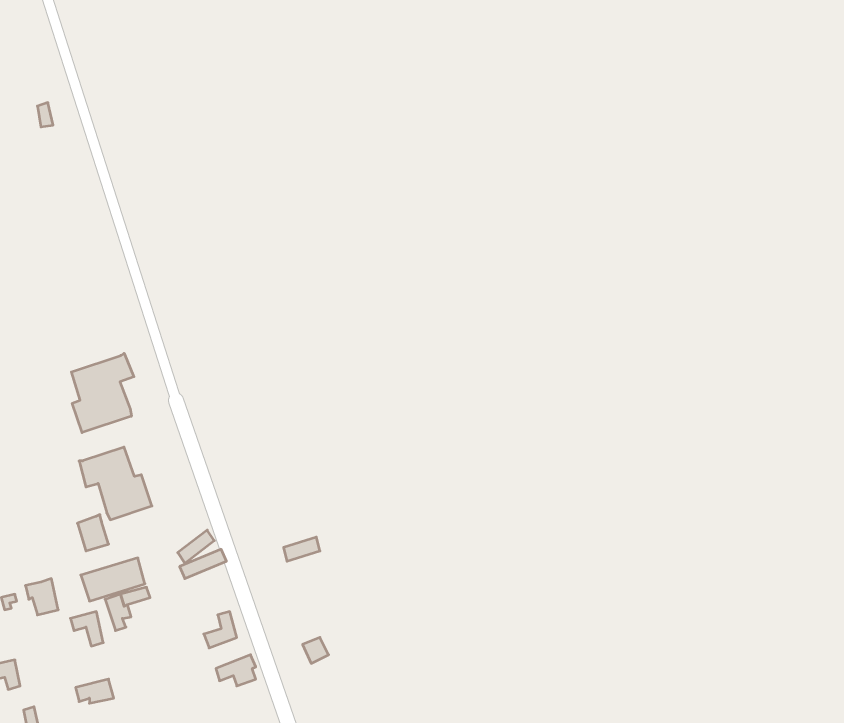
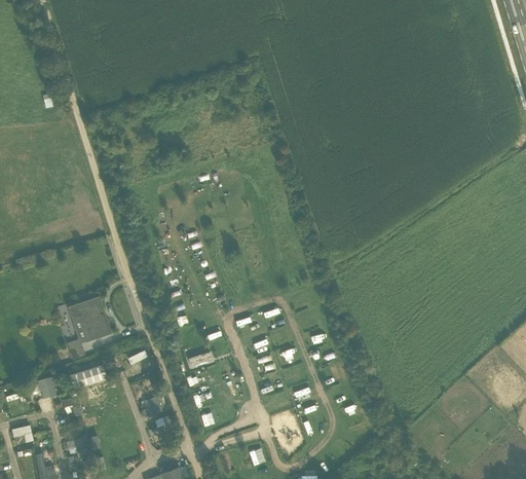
building: [71,353,134,433] -> none

